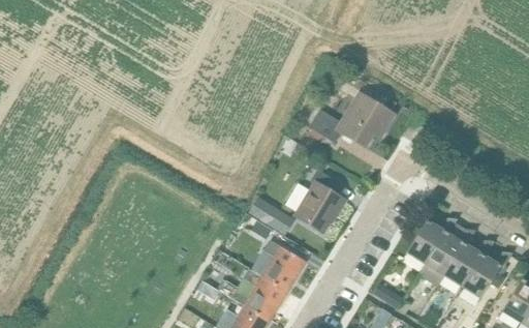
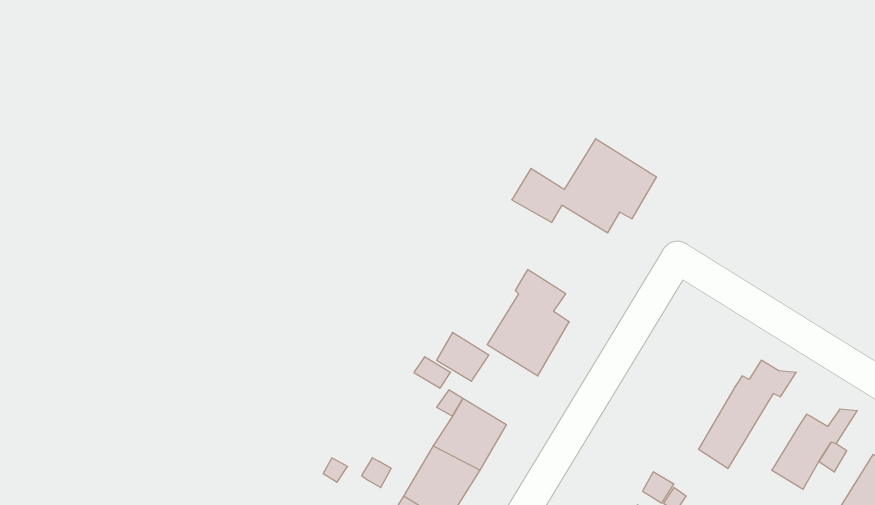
building: [406,217,458,275] -> none
building: [436,240,494,288] -> none

